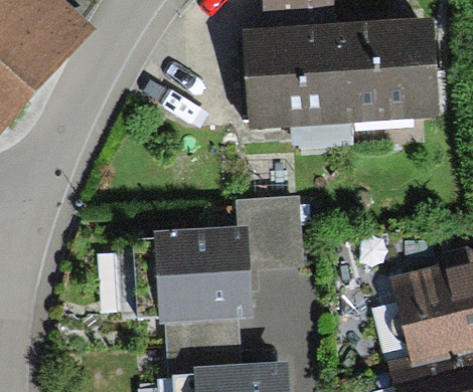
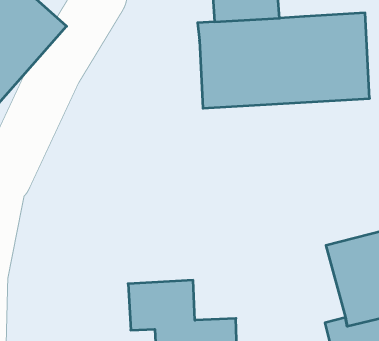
building: [153,192,303,324] -> none

